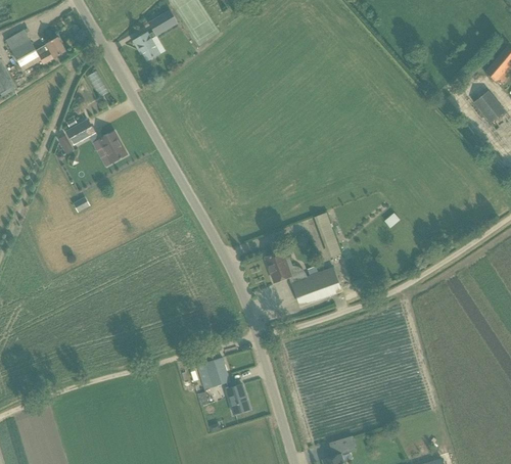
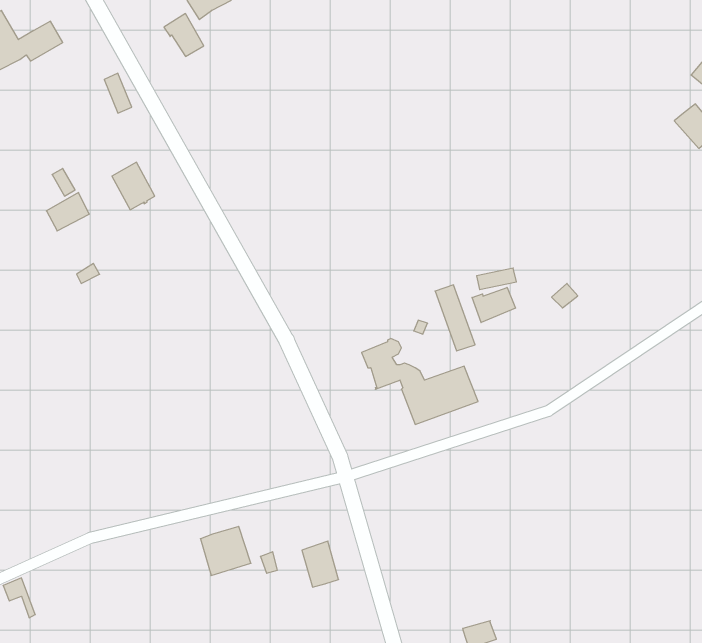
building: [65,119,94,144] -> [46,193,89,231]
building: none -> [472,287,516,323]
building: [195,357,229,389] -> [200,526,251,576]

